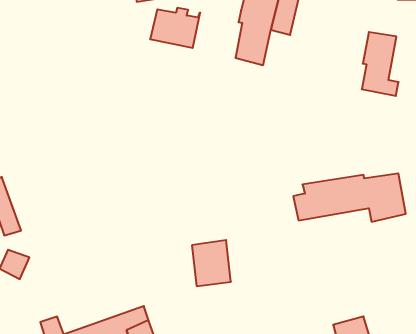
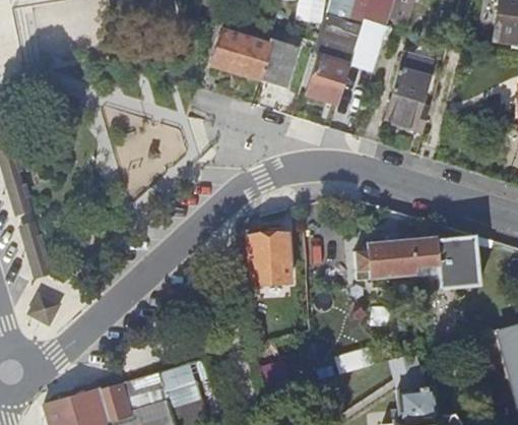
building: none -> [260,41,299,87]
building: [362,32,399,96] -> [386,56,429,129]
building: [192,240,231,286] -> [252,235,293,284]

